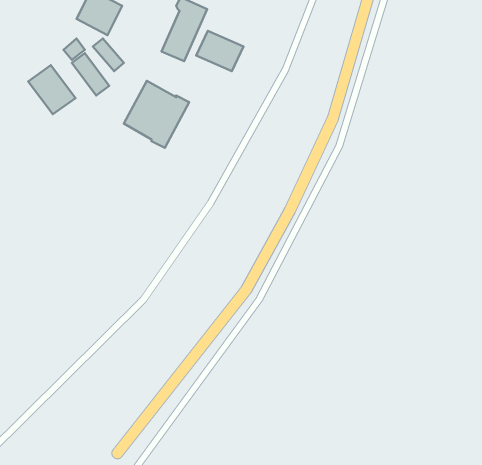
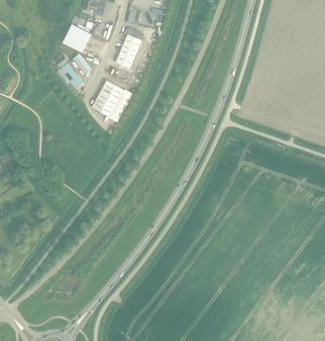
building: [196,31,244,71] -> none
building: [28,65,76,114] -> none

